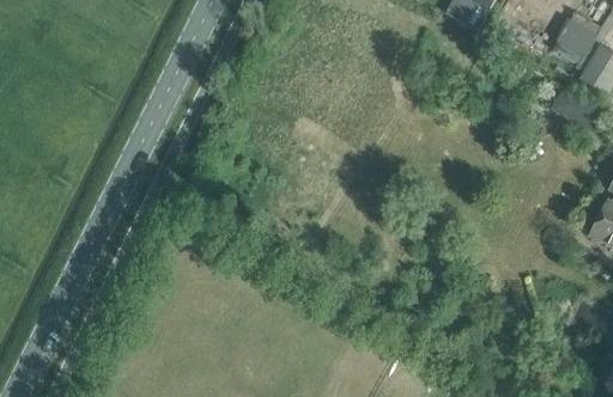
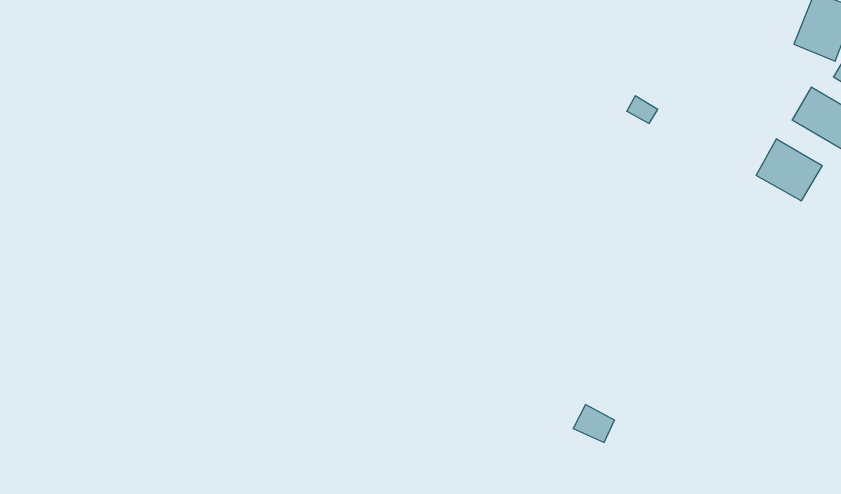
building: none -> [756,139,822,201]

